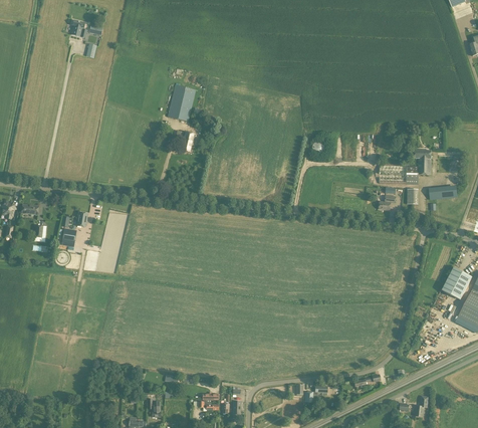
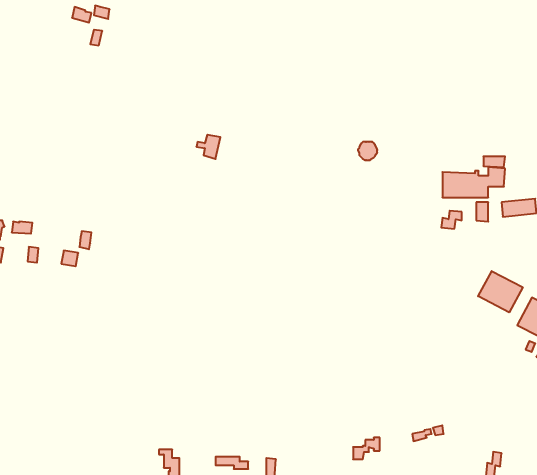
building: [168,84,196,122] -> none
building: none -> [478,271,523,312]

